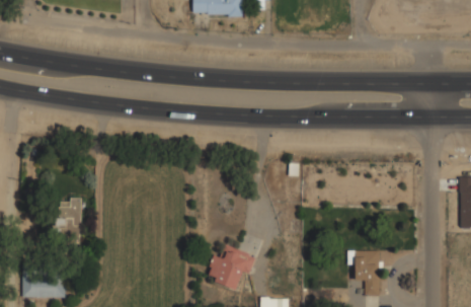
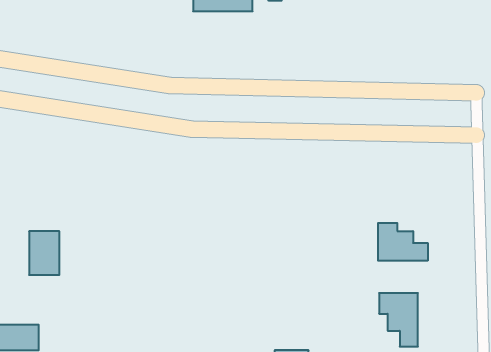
building: none -> [378,223,428,261]
building: [205,245,257,291] -> none

